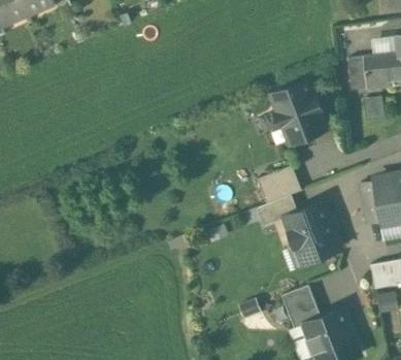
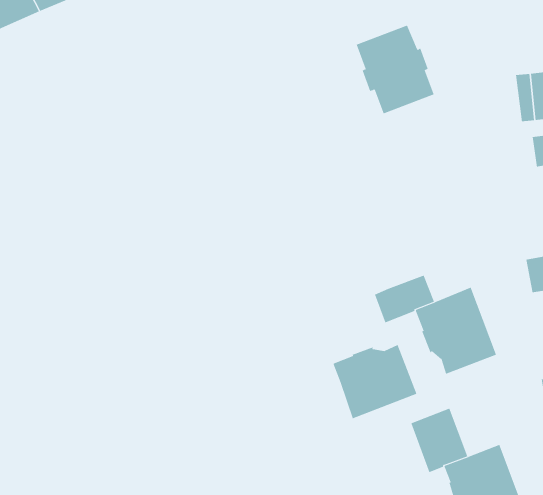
building: [270,80,324,141] -> [356,25,435,114]
building: [256,165,300,202] -> none
building: none -> [333,344,417,419]

